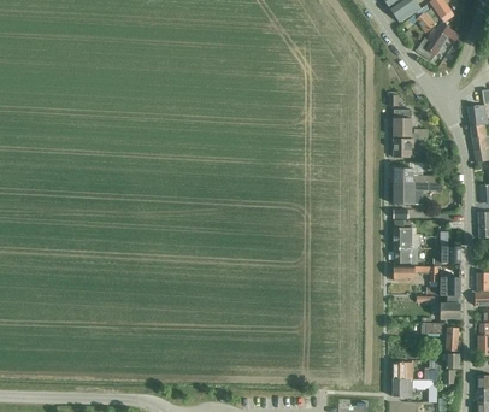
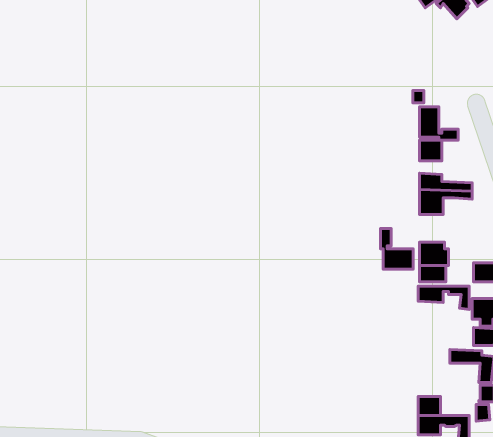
building: [414,23,452,61] -> none
building: none -> [380,229,413,269]

